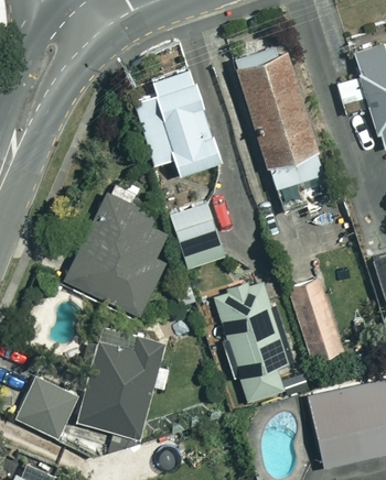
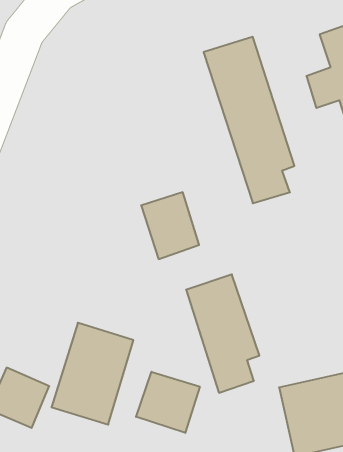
building: [135,69,221,176] -> none
building: [66,189,170,316] -> none
building: [287,276,344,363] -> none
building: none -> [136,372,200,433]

